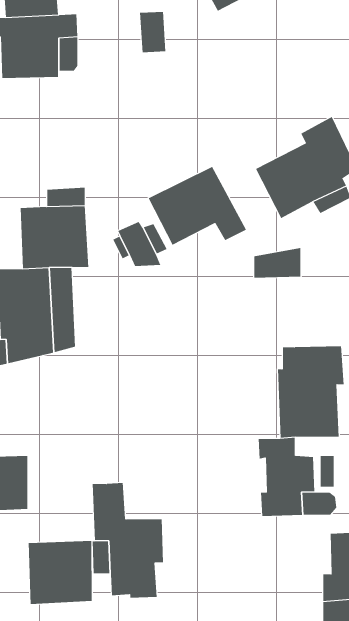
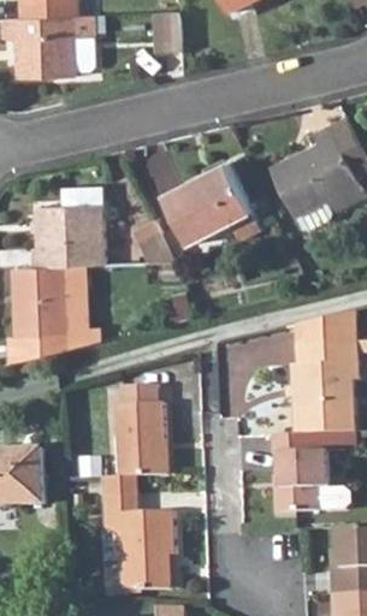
building: [254,248,301,278] -> [306,313,353,343]
building: none -> [117,385,167,478]
building: [28,540,92,605] -> none

